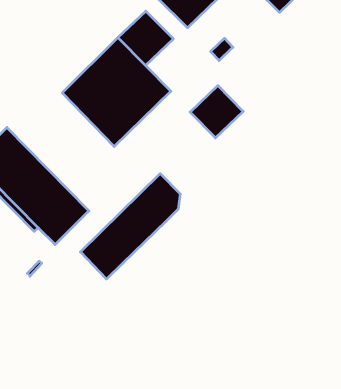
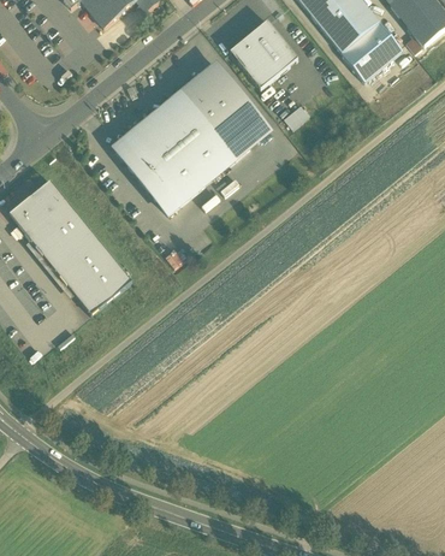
building: [190,86,243,138] -> [209,97,268,155]
building: [80,174,180,279] -> none

